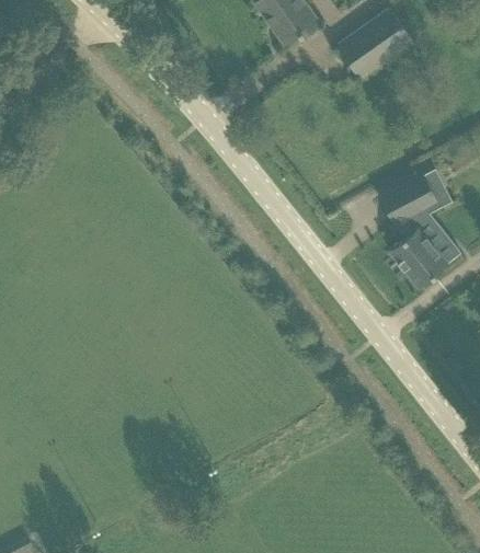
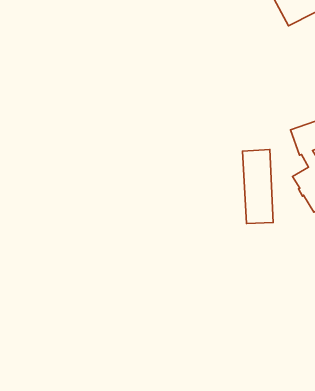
building: none -> [242,150,273,223]

